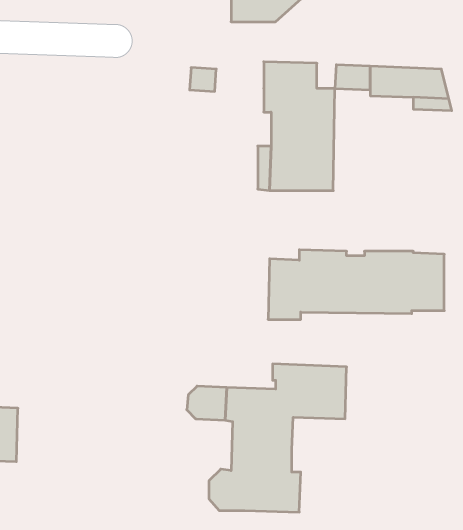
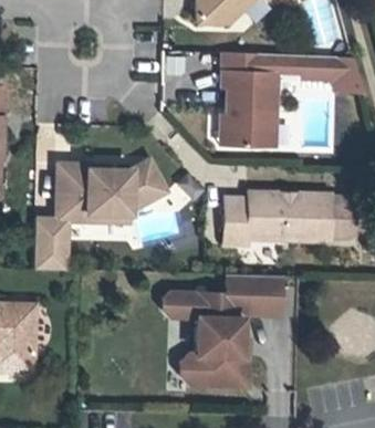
building: none -> [32,161,164,272]

